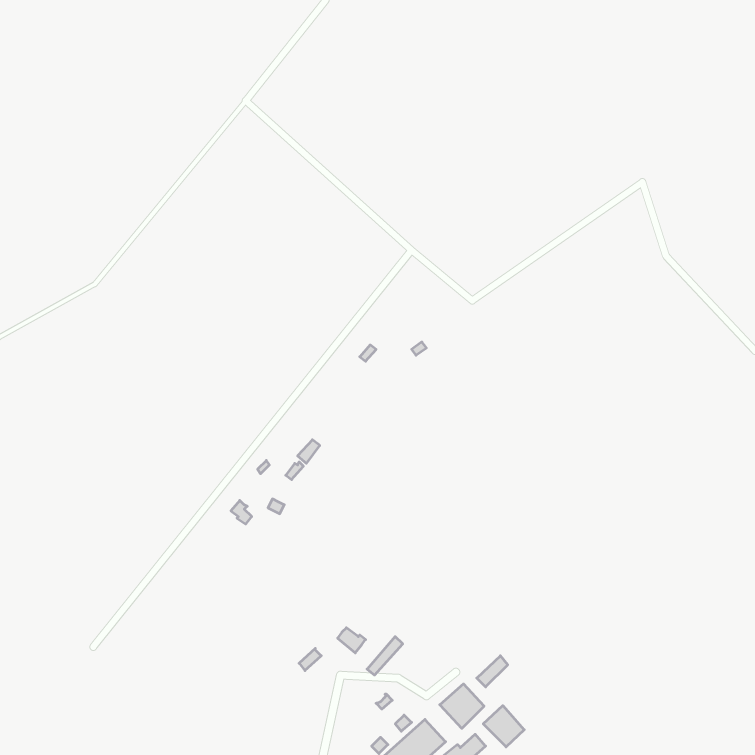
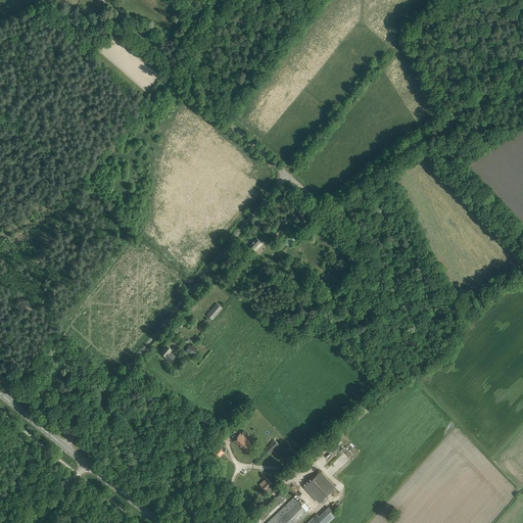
building: [483,706,524,747] -> none

